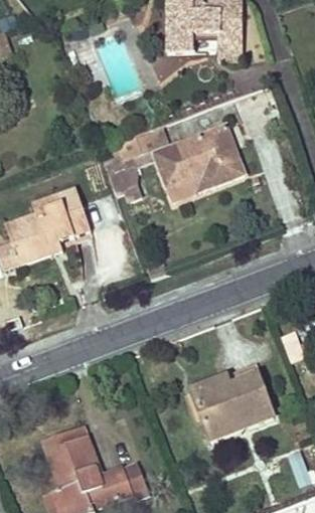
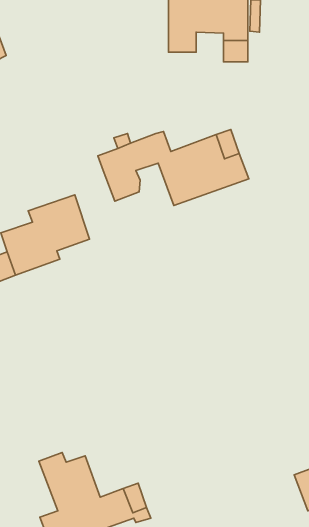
building: [191,367,273,441] -> none

